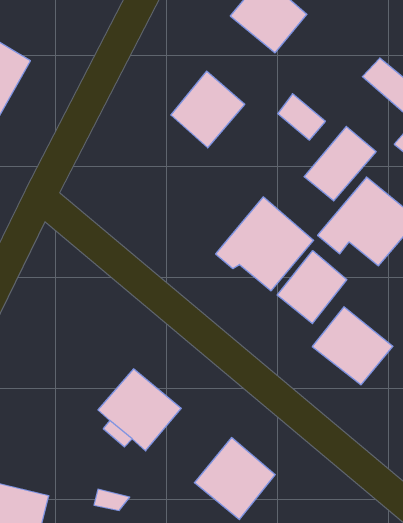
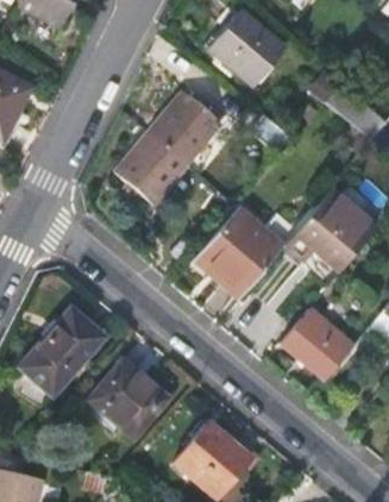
building: none -> [120,133,188,203]
building: [304,126,376,201] -> none
building: [277,251,347,324] -> none
building: none -> [24,313,102,394]

